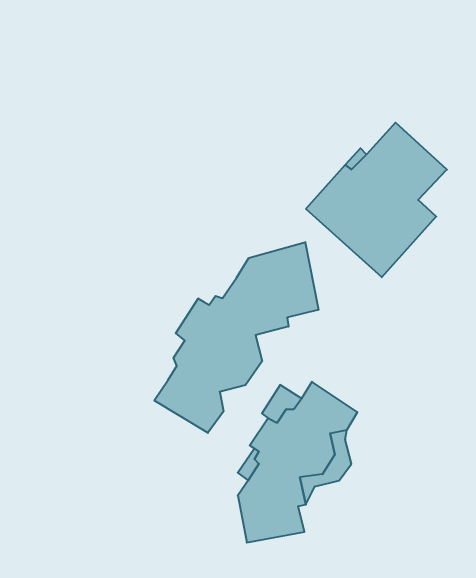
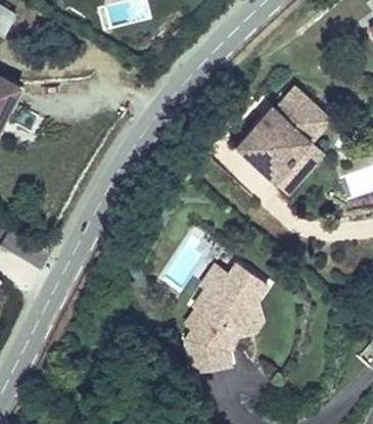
building: [154,242,318,433] -> none

